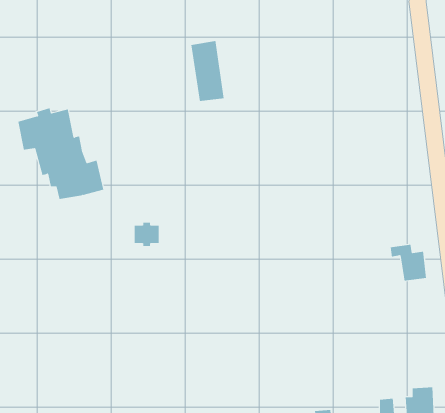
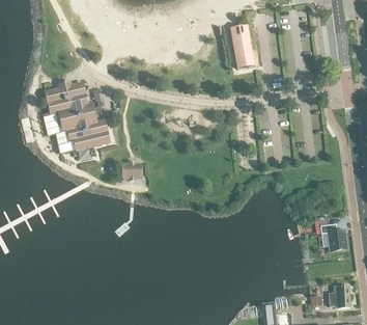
building: [191,41,225,101] -> [230,23,255,67]
building: [390,244,427,281] -> [319,224,346,251]

